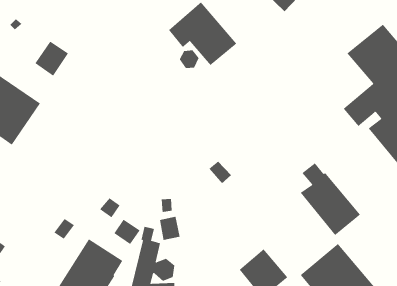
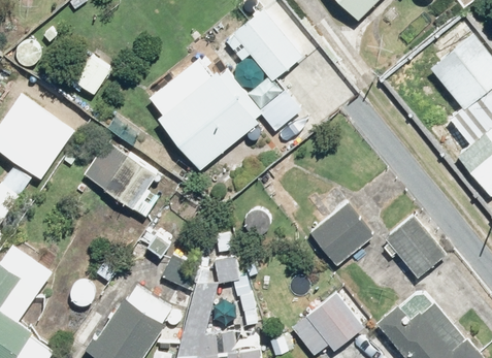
building: none -> [149,59,302,171]
building: none -> [85,143,160,220]
building: none -> [308,191,372,266]

